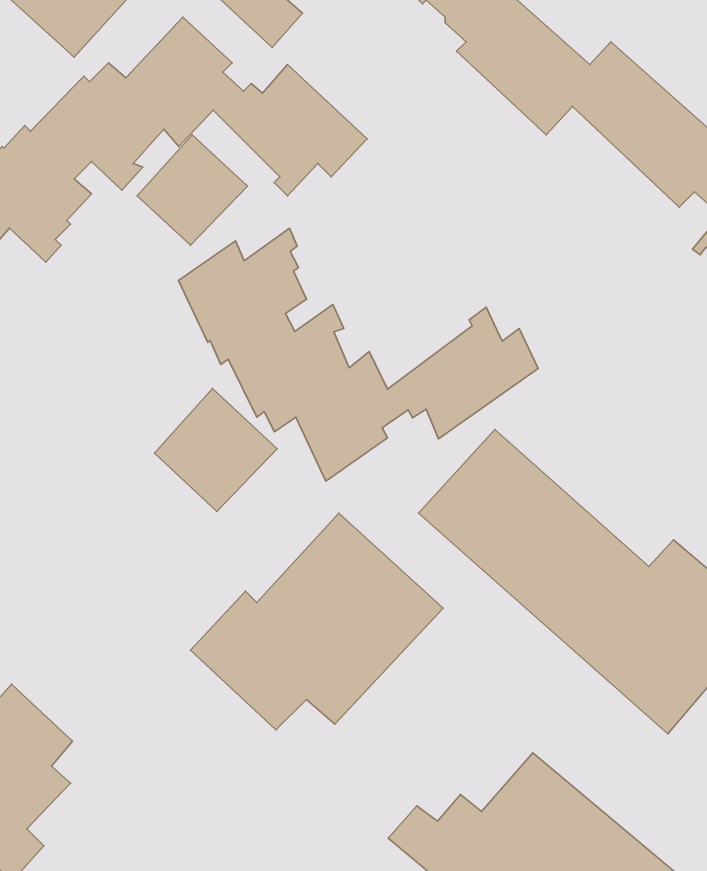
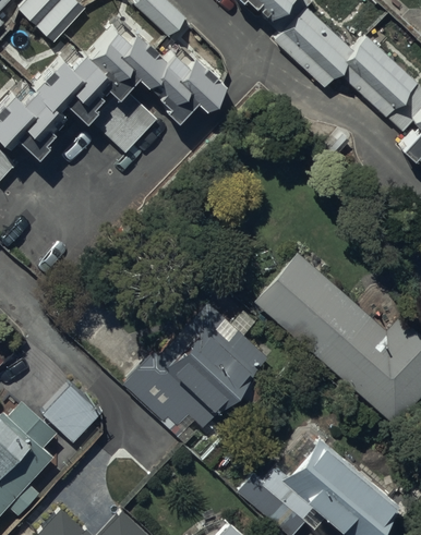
building: [179,228,538,481] -> none
building: [154,388,277,511] -> none
building: none -> [43,384,101,443]

